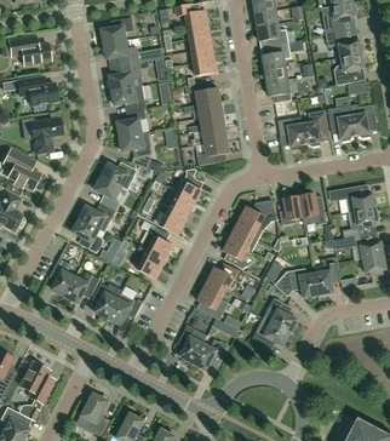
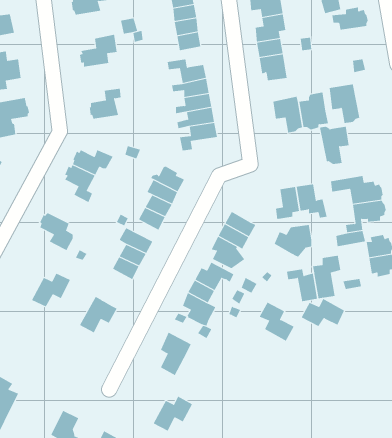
building: [102,40,138,67] -> none
building: [333,55,365,85] -> none
building: [109,86,145,111] -> none
building: [349,104,375,138] -> [319,126,349,165]
building: [117,132,150,156] -> none
building: [241,201,275,230] -> [274,225,312,257]
building: [79,204,115,233] -> none
building: [50,258,75,297] -> none
building: [93,284,122,319] -> none
building: [251,322,289,348] -> [301,298,345,327]
building: [191,339,226,371] -> [153,396,193,432]

